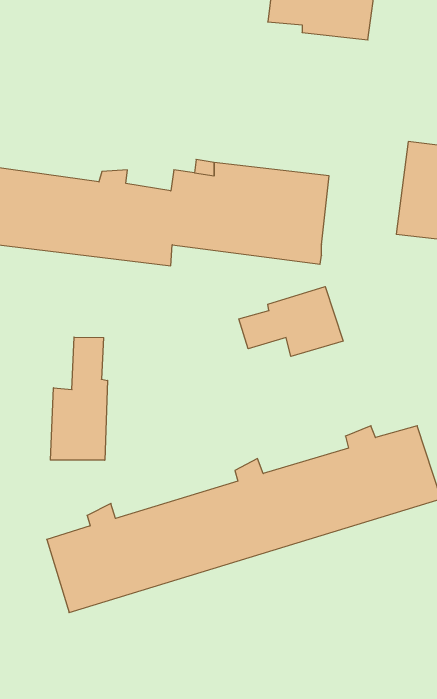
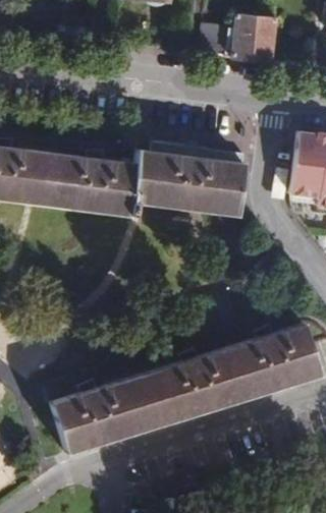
building: [239,287,343,356] -> none
building: [50,337,108,460] -> none

